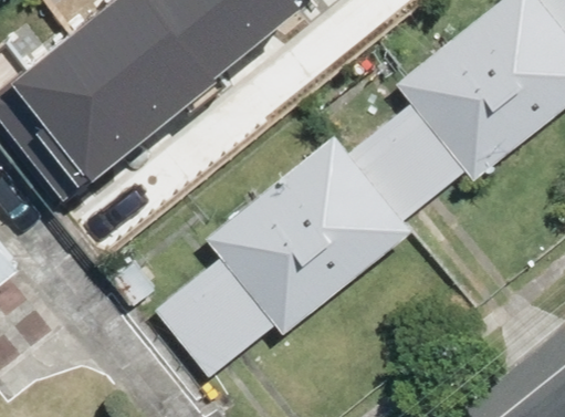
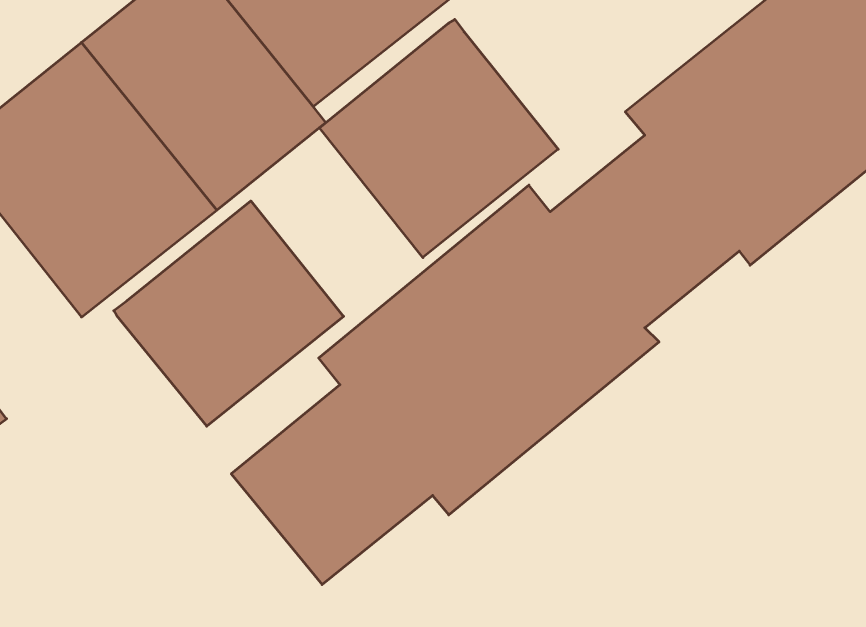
building: none -> [319,19,558,258]
building: none -> [114,201,344,426]

